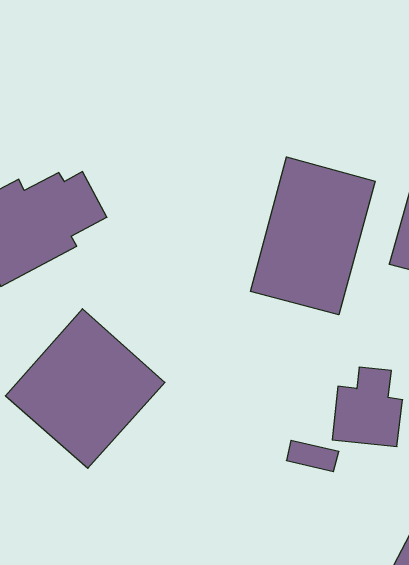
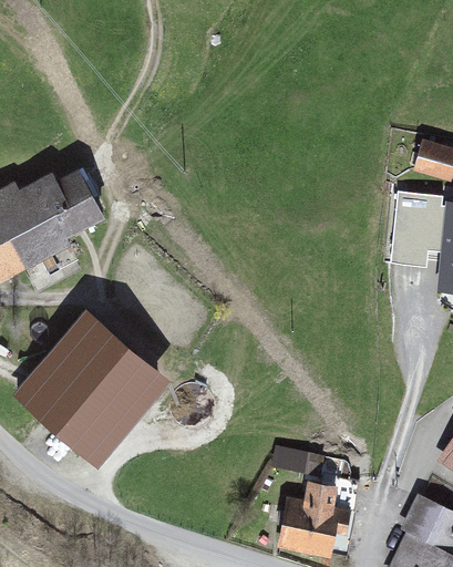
building: [250,157,375,315] -> none
building: [332,367,403,447] -> [282,477,352,556]

